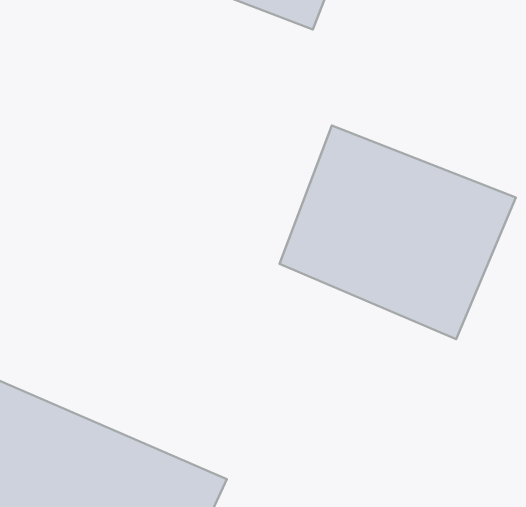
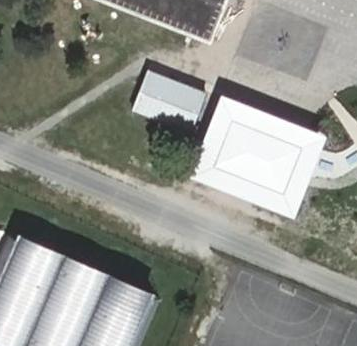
building: none -> [133,72,205,131]

